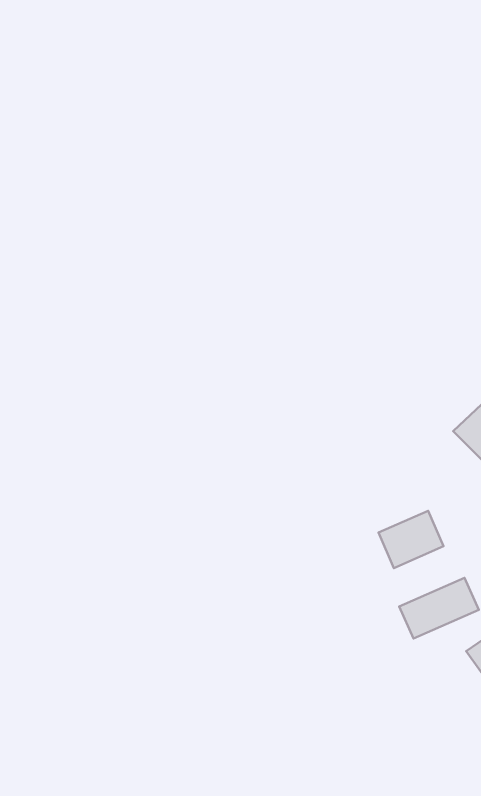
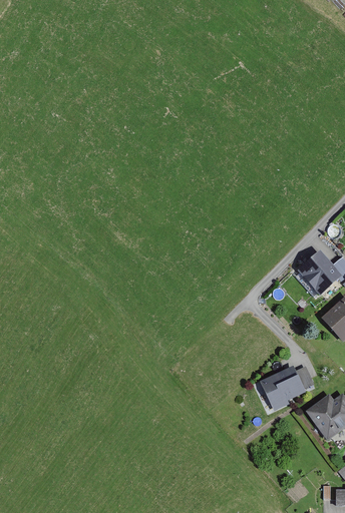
building: [379,511,443,568] -> none

